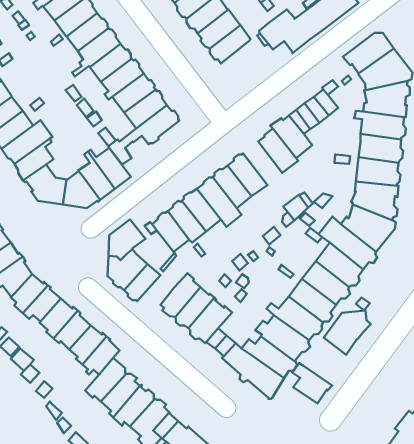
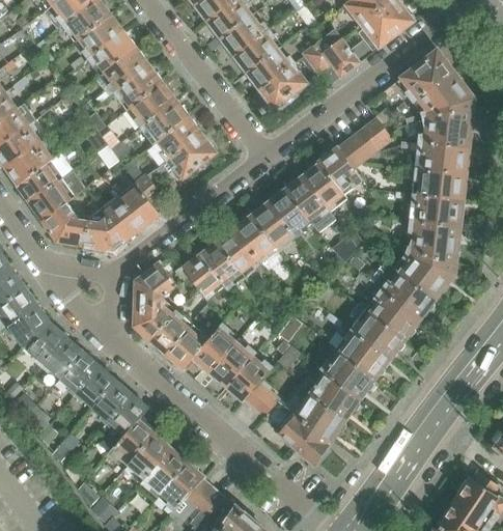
building: none -> [260,63,306,107]
building: none -> [285,175,329,224]
building: none -> [167,325,208,368]
building: [324,310,371,355] -> none
building: [292,363,332,403] -> none

